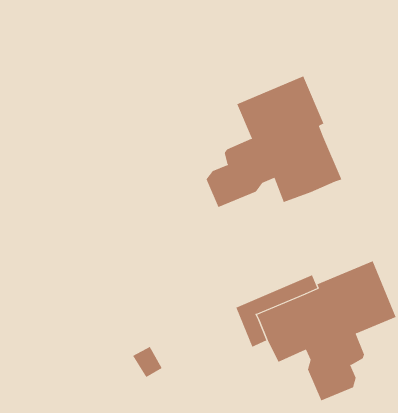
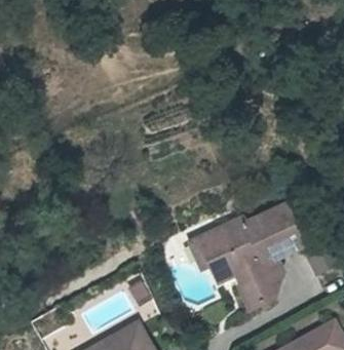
building: [206,75,342,208] -> none

